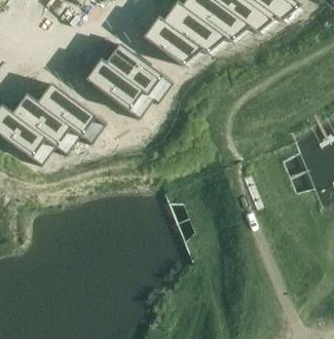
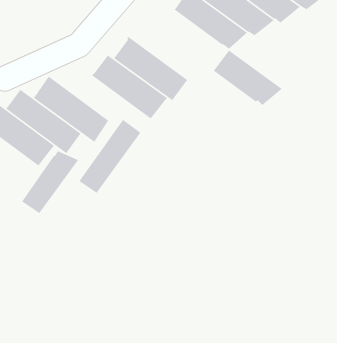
building: [144,17,208,69] -> [213,50,283,106]
building: none -> [70,119,151,194]
building: none -> [18,150,79,214]

